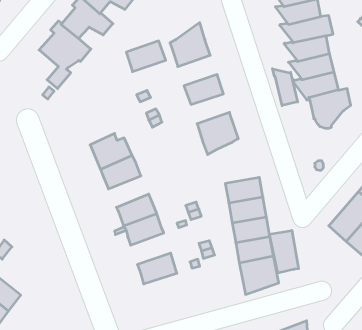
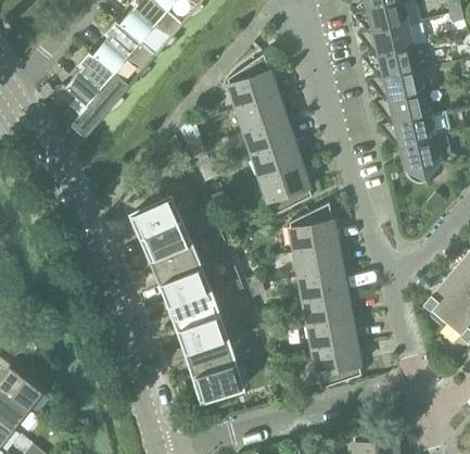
building: [126,41,166,72] -> [237,93,285,131]
building: [272,69,298,106] -> none
building: none -> [253,141,301,178]
building: none -> [290,202,338,252]
building: none -> [151,242,201,281]
building: [270,230,299,273] -> none
building: none -> [178,313,228,352]
building: none -> [194,363,243,408]

